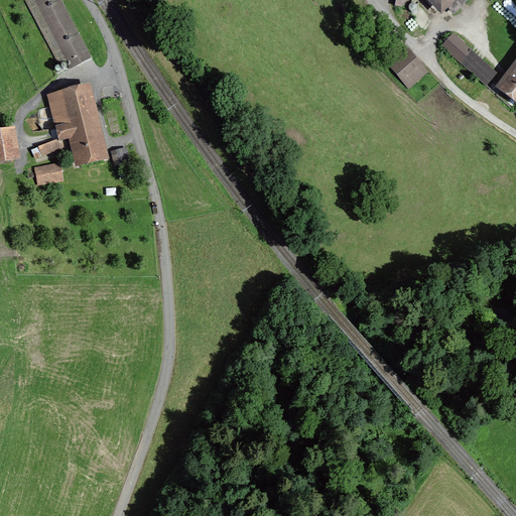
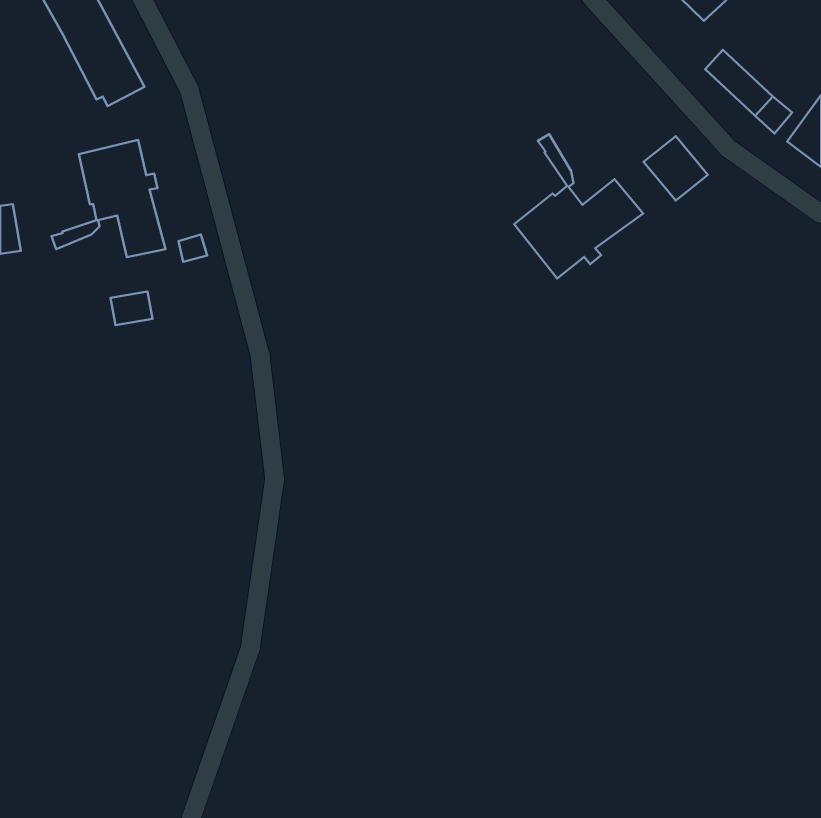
building: [386,50,426,91] -> [644,136,708,200]
building: none -> [514,134,643,279]
building: [35,162,61,183] -> [111,291,152,325]

